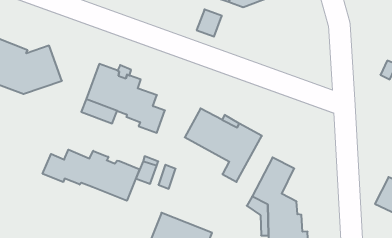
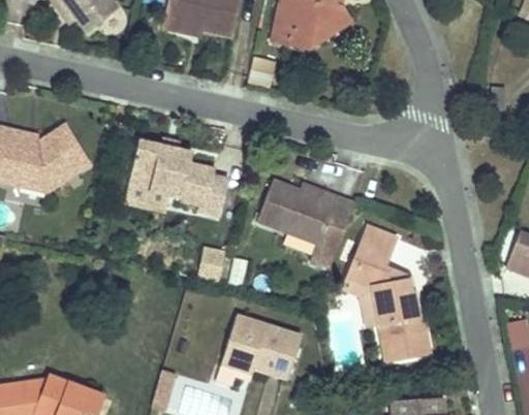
building: [43,150,140,201] -> none

